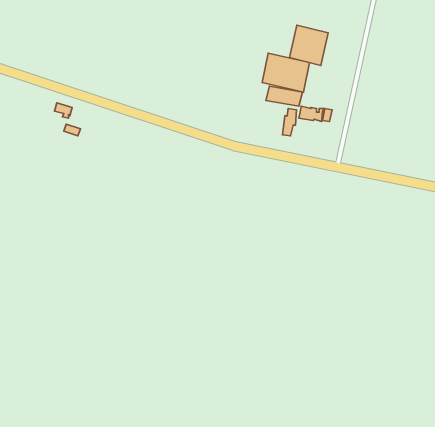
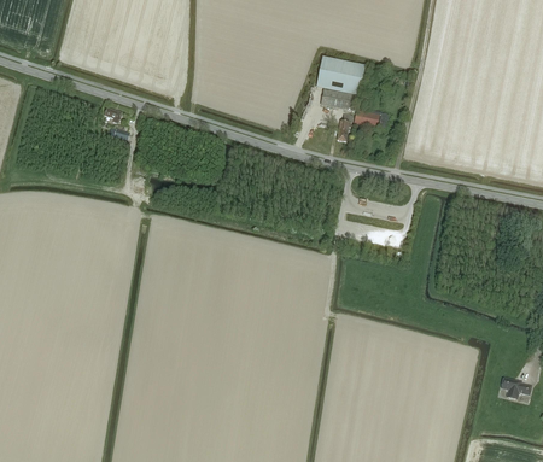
building: [289,25,328,65] -> none

